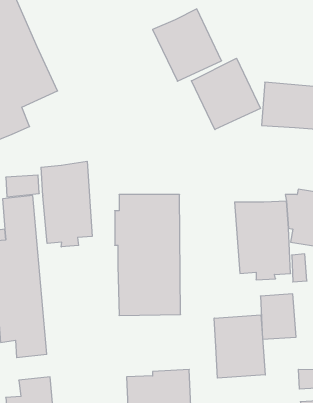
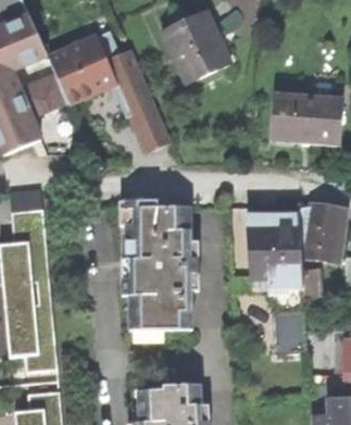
building: none -> [47,30,167,149]
building: [191,58,261,130] -> none
building: [41,161,92,247] -> none
building: [214,315,265,378] -> none

